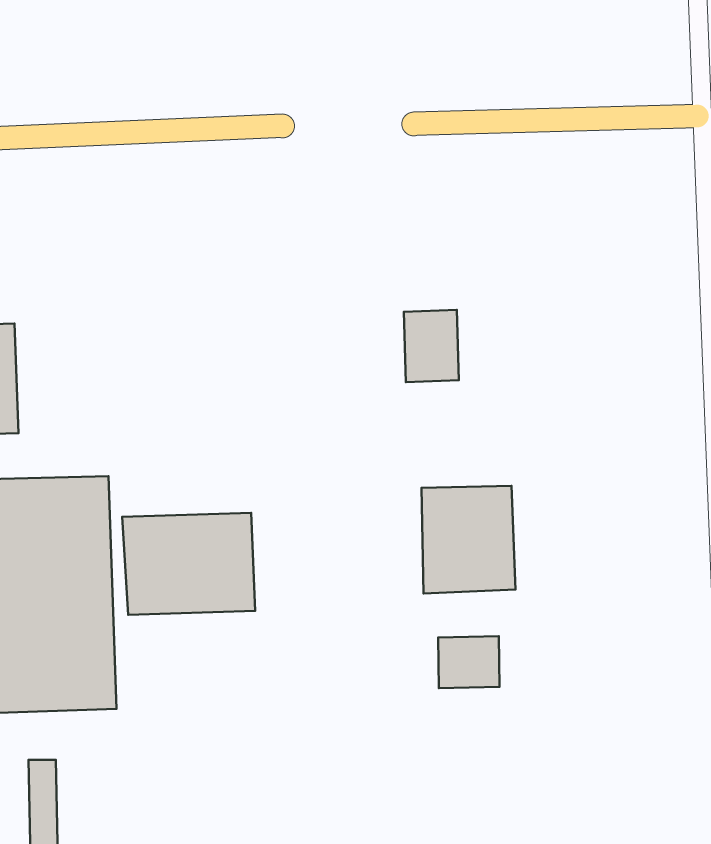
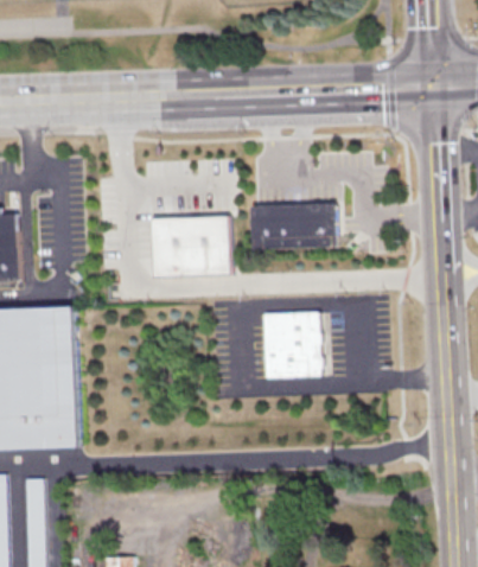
building: none -> [286,203,340,248]
building: [122,513,255,615] -> [152,215,232,276]
building: [438,636,500,688] -> none

